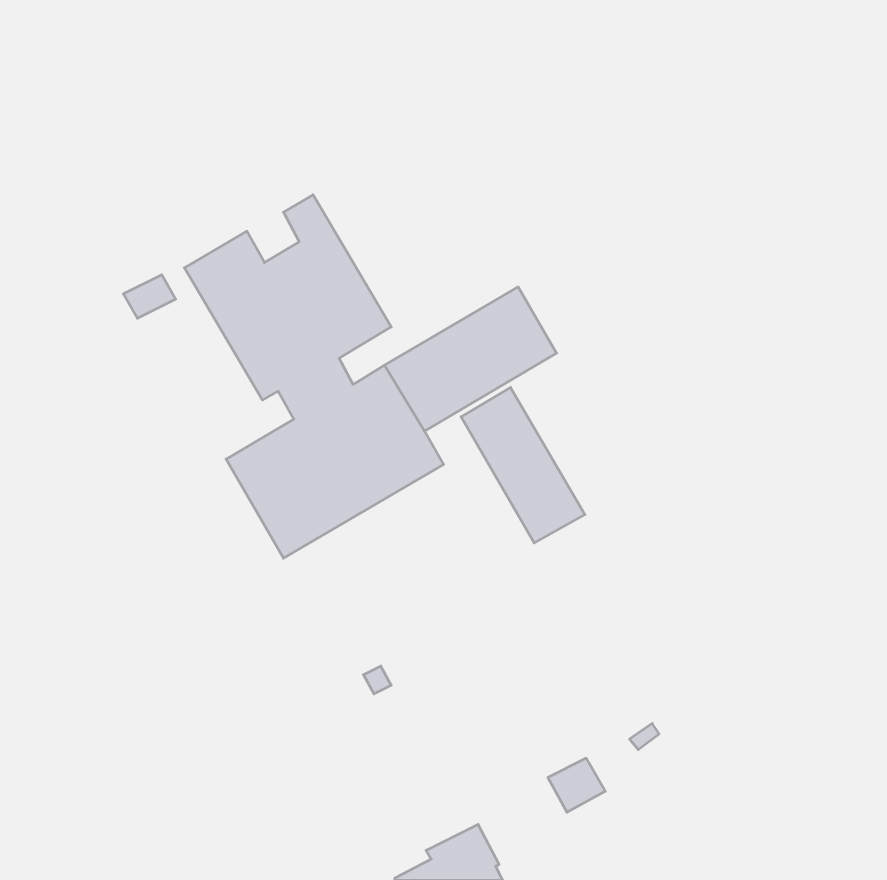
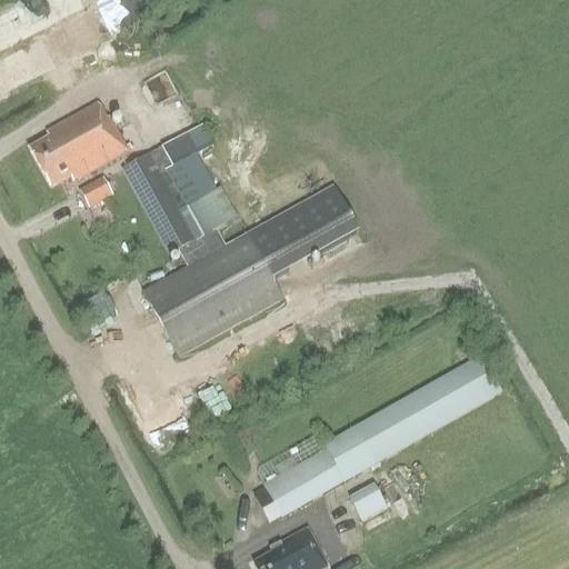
building: none -> [29,101,128,184]
building: [461,387,585,543] -> none
building: none -> [263,355,500,513]

